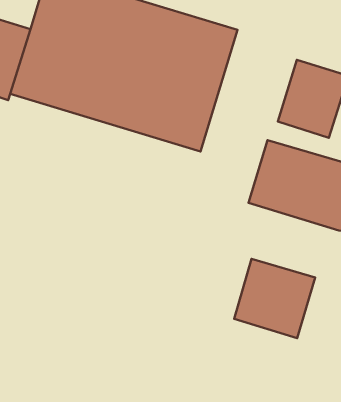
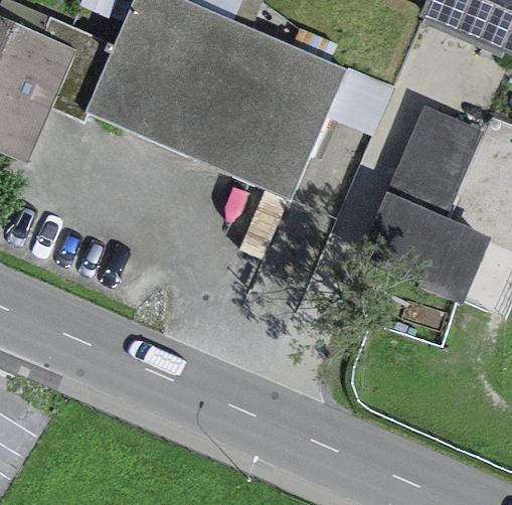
building: [234,259,315,338] -> none

